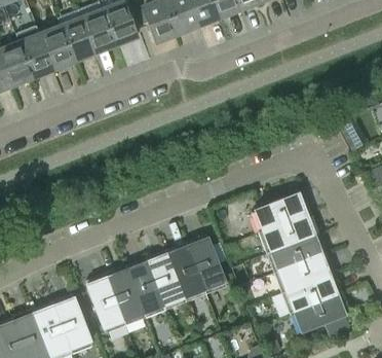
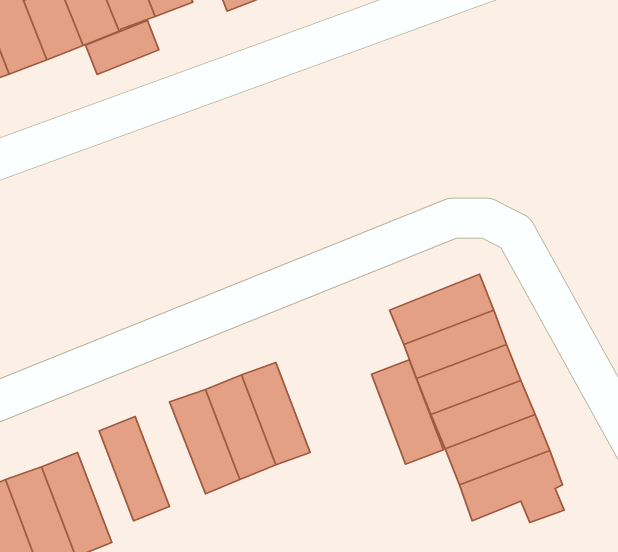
building: none -> [86,20,159,74]
building: [185,235,226,294] -> [371,360,444,464]
building: [105,265,145,325] -> none

